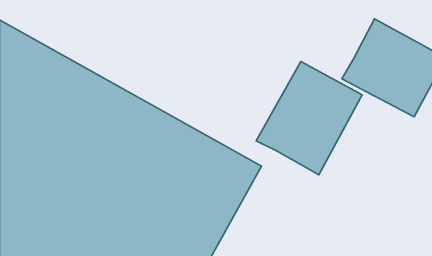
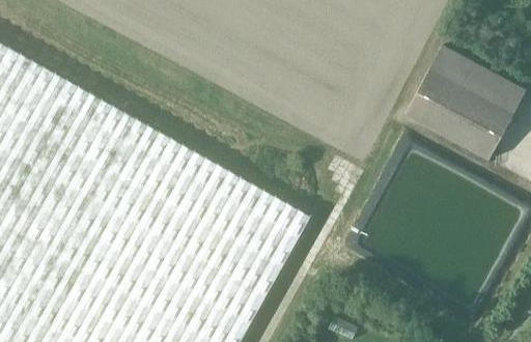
building: [256,61,362,175] -> none

